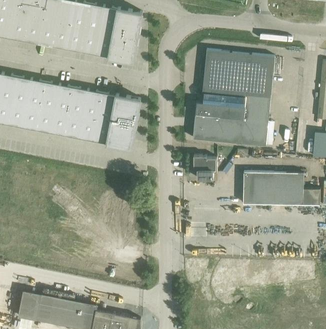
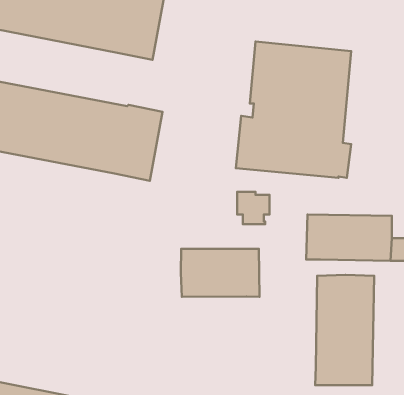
building: none -> [181,249,260,297]
building: none -> [315,275,374,385]

